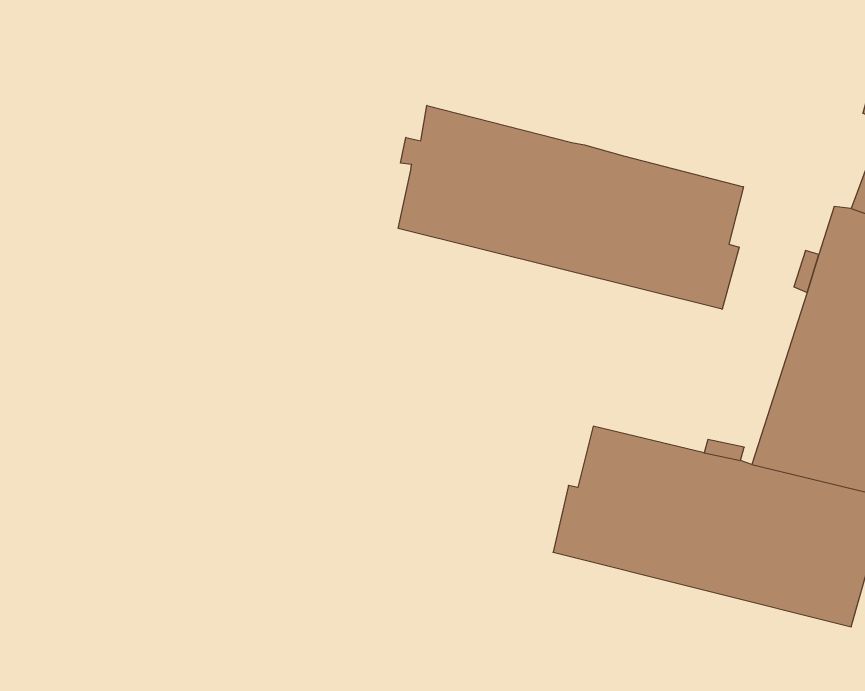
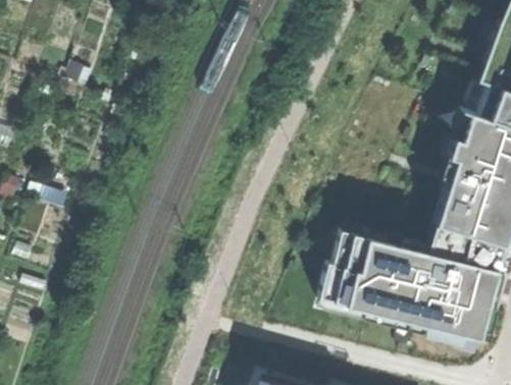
building: [398,105,743,309] -> none

